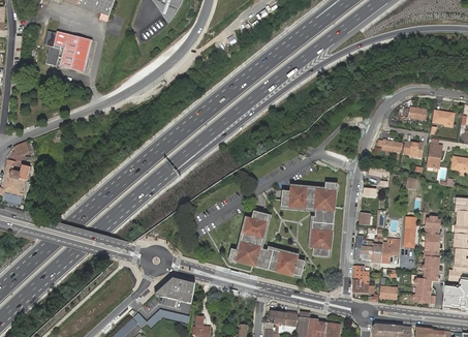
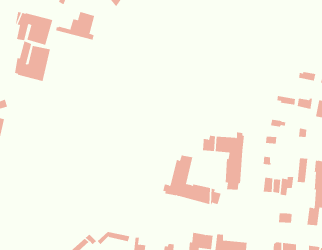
building: none -> [55,11,95,40]
building: none -> [14,41,51,82]
building: [351,266,368,292] -> none
building: [153,277,193,302] -> none

